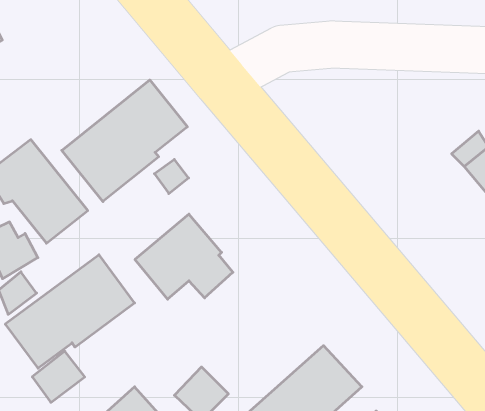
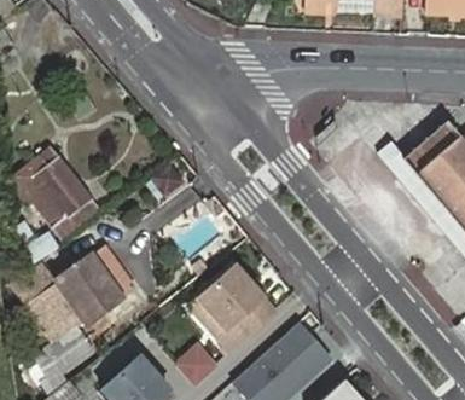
building: [62,80,187,202] -> none
building: [135,214,233,299] -> [188,263,272,336]

